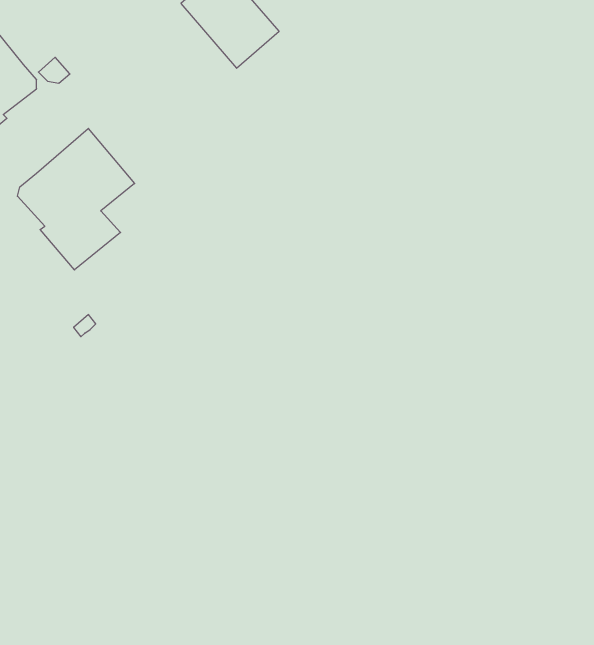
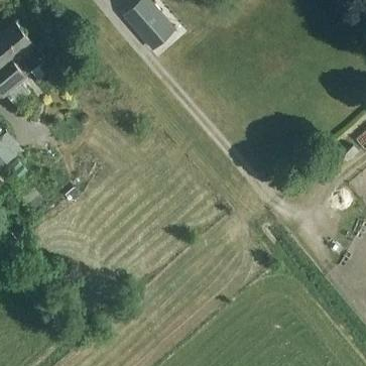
building: [17,128,135,270] -> none

